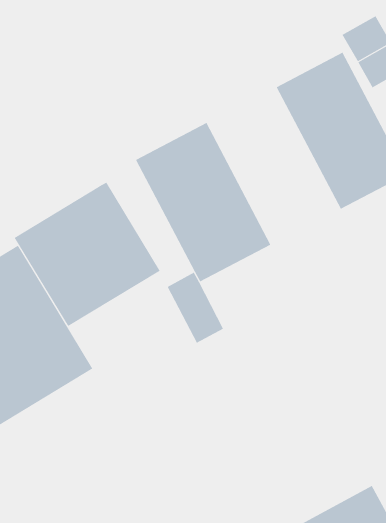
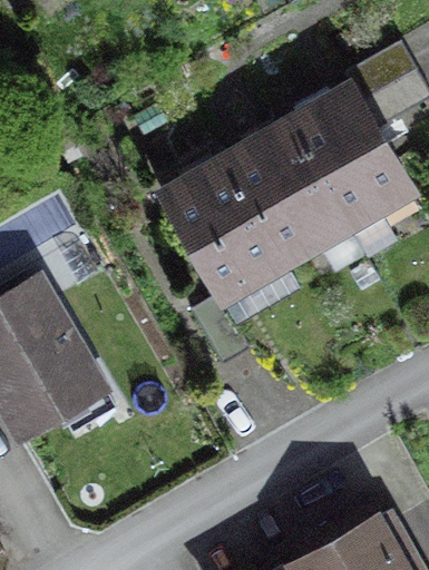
building: none -> [226,117,358,272]
building: [14,182,161,327] -> none

